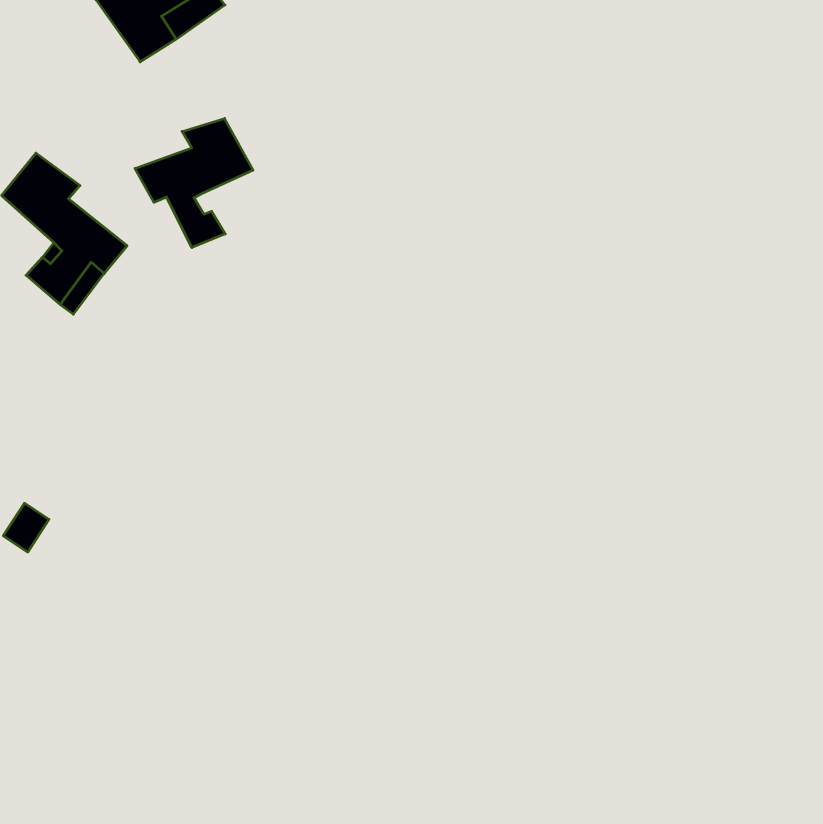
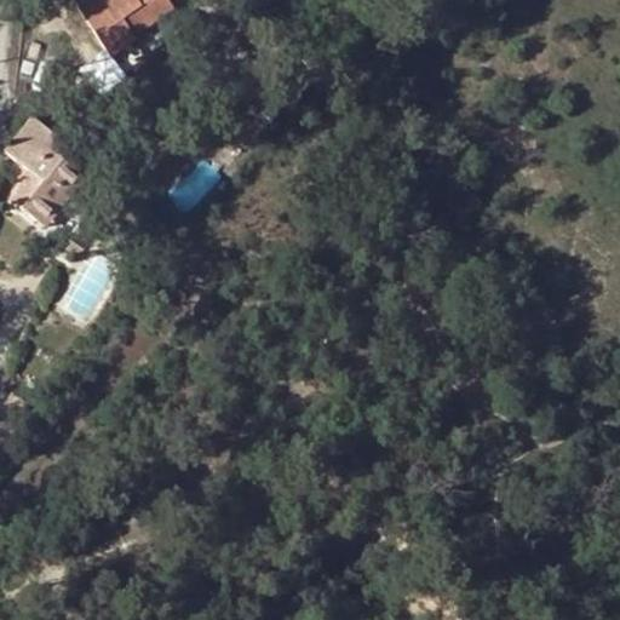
building: [135,118,253,248] -> none

